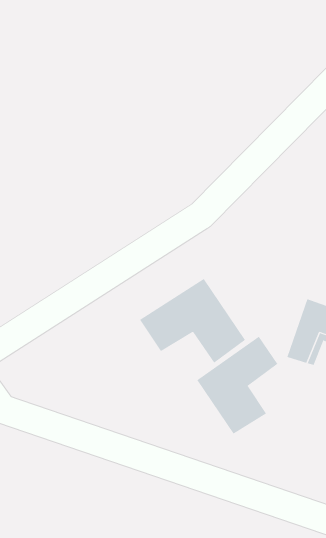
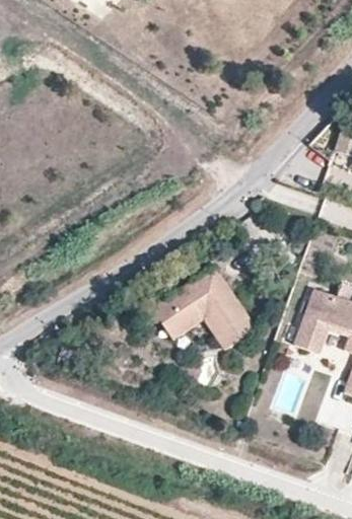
building: [197,336,278,435] -> none

